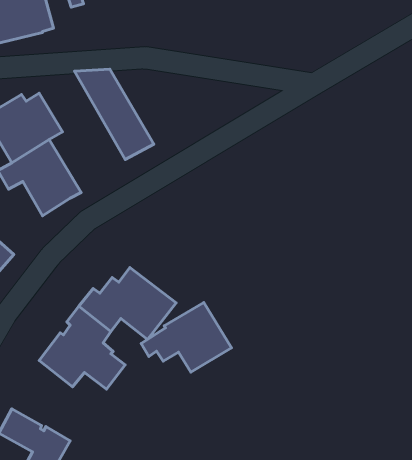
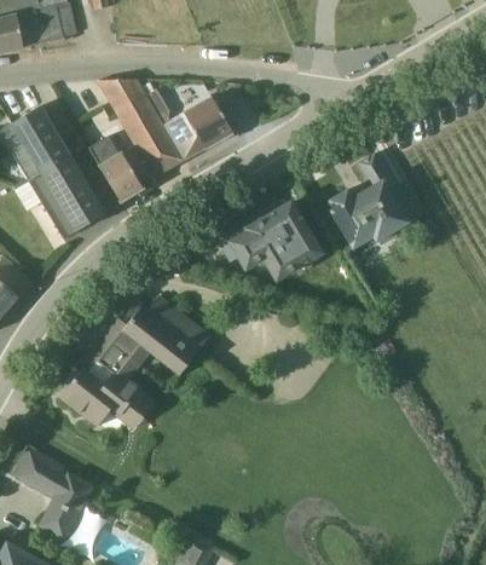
building: none -> [141,81,232,160]
building: none -> [88,136,154,200]
building: none -> [328,152,410,248]
building: [141,303,232,372] -> [221,202,320,278]

